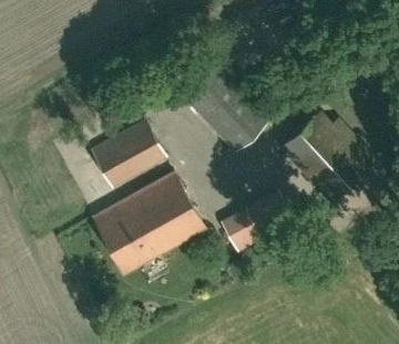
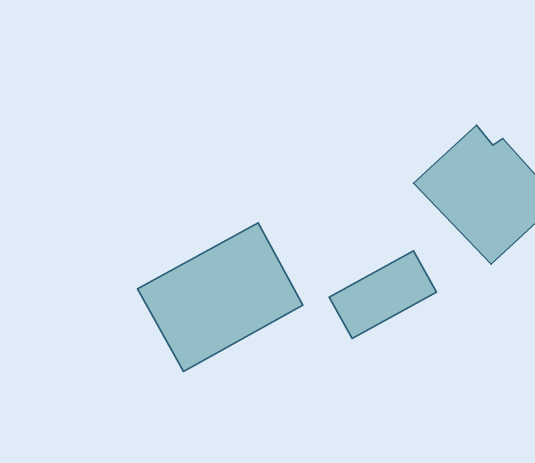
building: [182,65,269,153] -> none
building: [91,121,166,188] -> none

